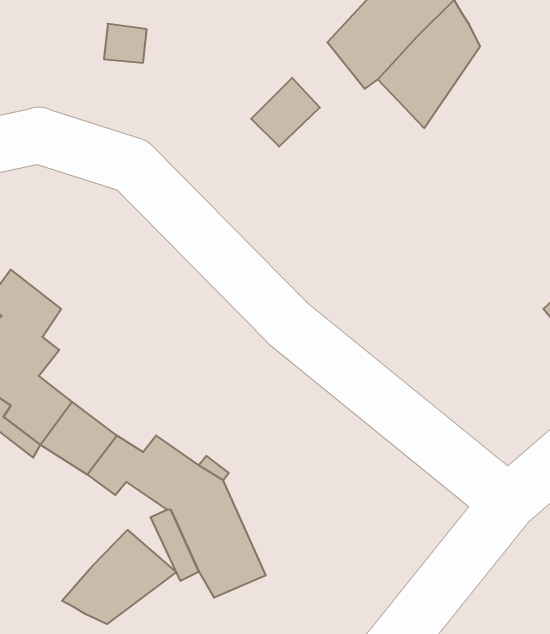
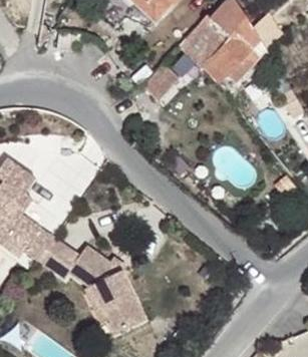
building: [62,530,176,624] -> none

